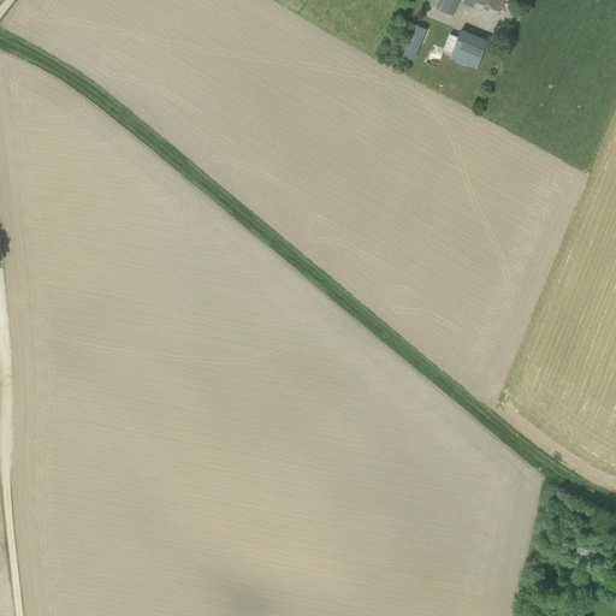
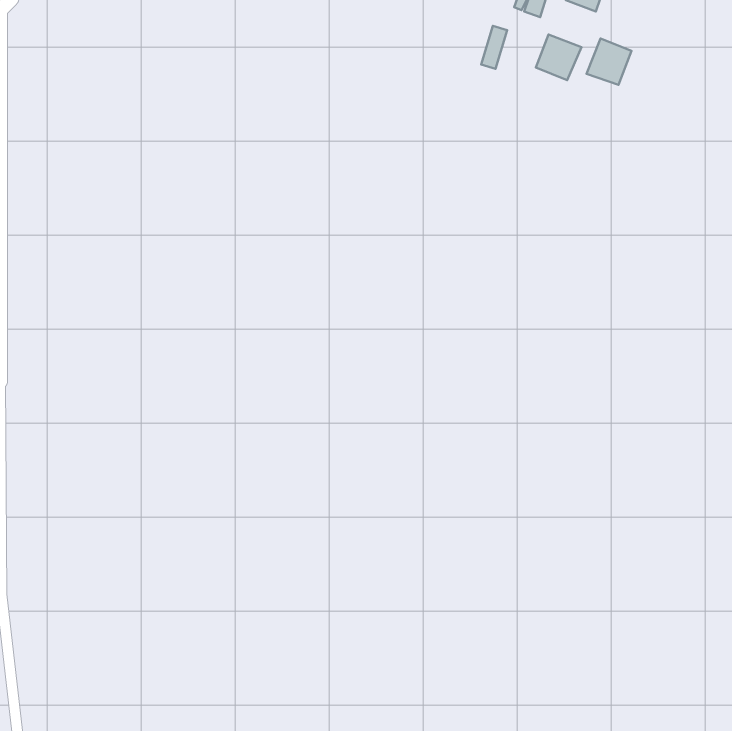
building: none -> [587,39,631,85]

